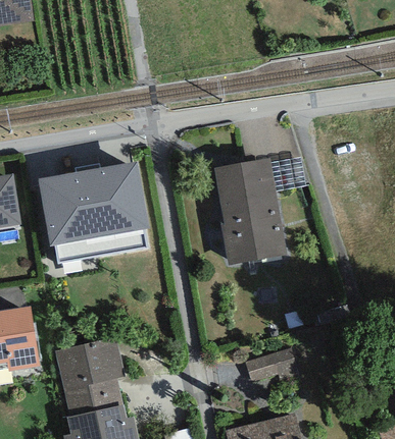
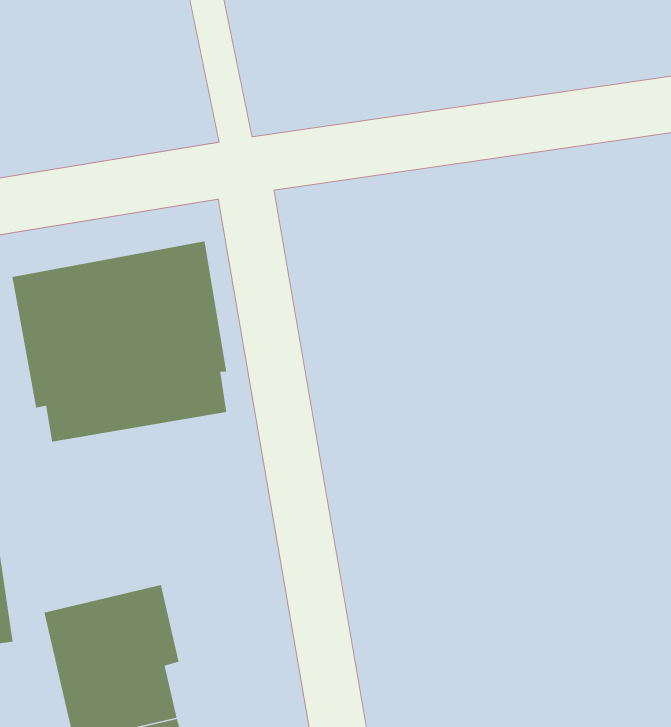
building: [213,158,286,264] -> none
building: [245,345,303,391] -> none

